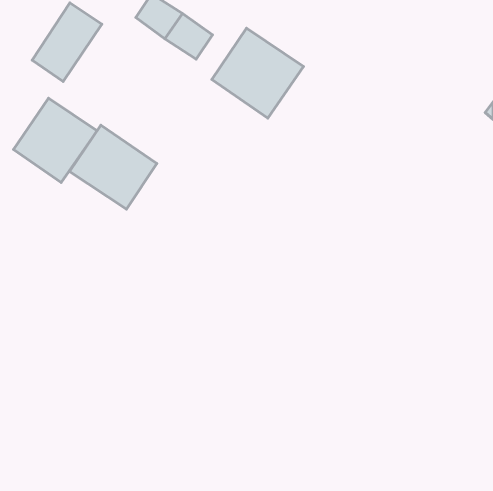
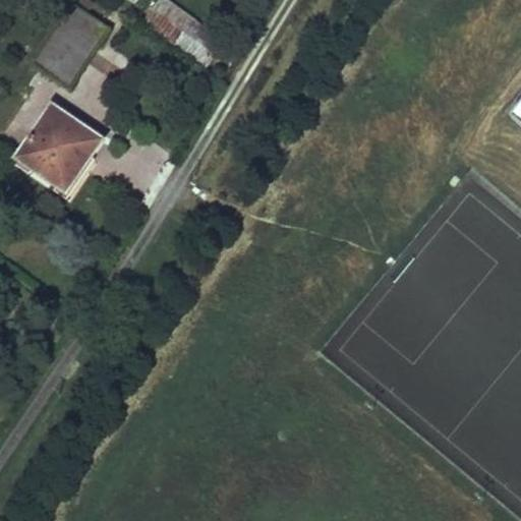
building: [212,28,303,118] -> none
building: [70,125,157,209] -> none

